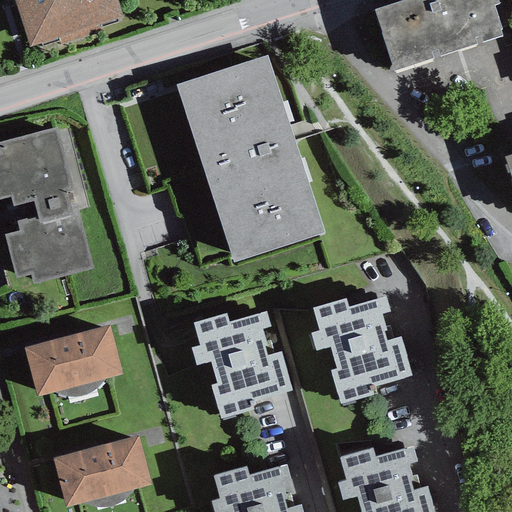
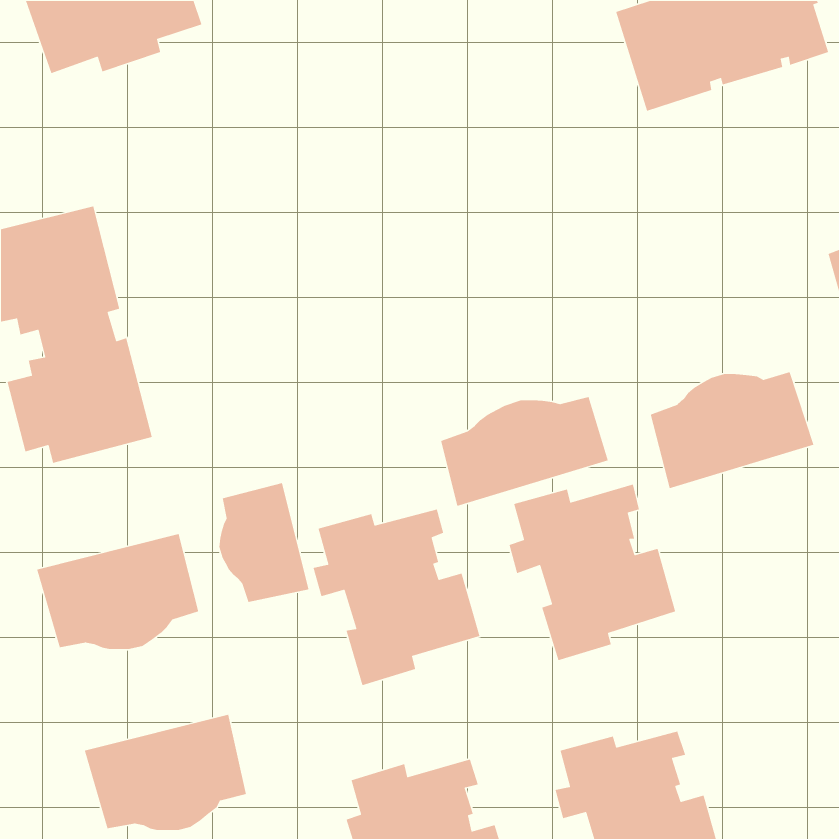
building: [175,54,324,260] -> none
building: none -> [650,371,815,489]
building: none -> [440,396,609,507]
building: none -> [219,482,310,603]

